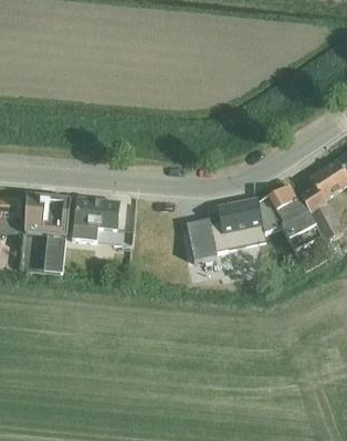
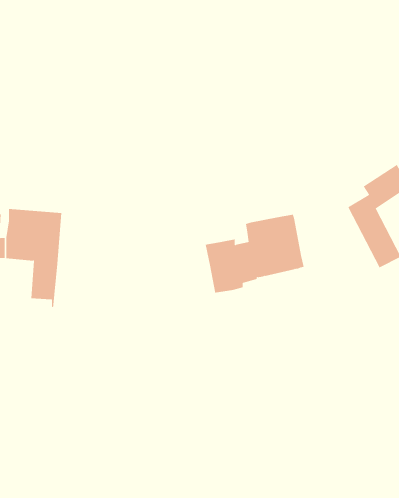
building: [256,185,319,249] -> none
building: [71,198,118,242] -> none

